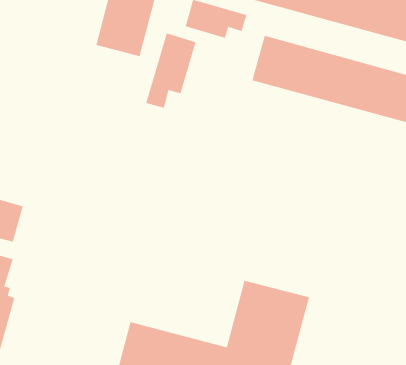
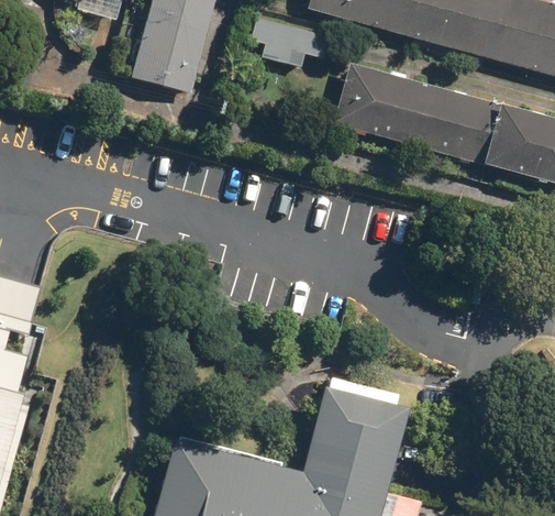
building: [146,32,196,109] -> none

